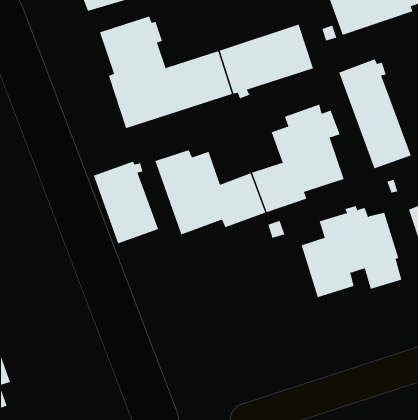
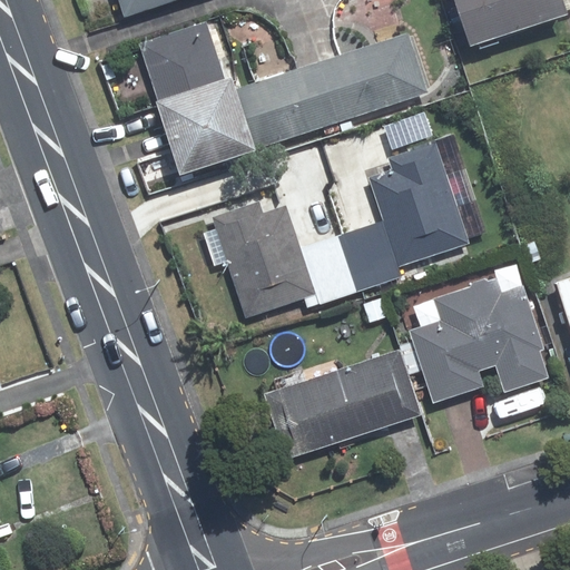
building: [339,59,412,169] -> none
building: [93,161,159,244] -> none
building: none -> [264,350,421,460]

